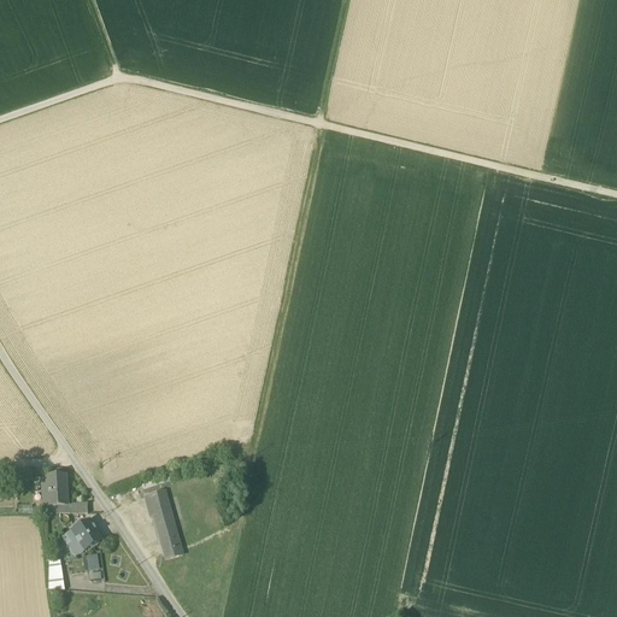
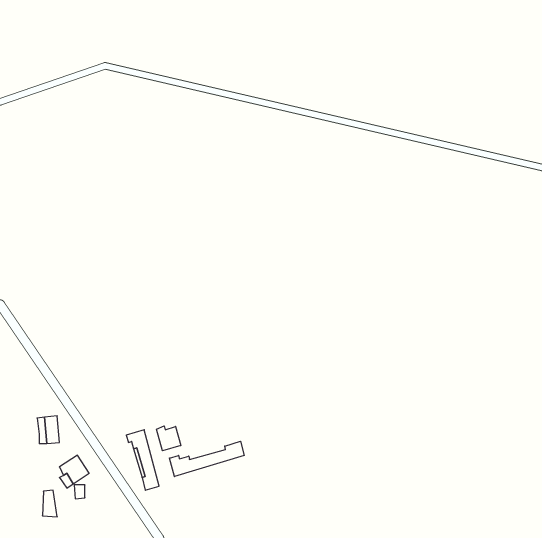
building: none -> [156,426,181,451]
building: none -> [169,441,244,477]

